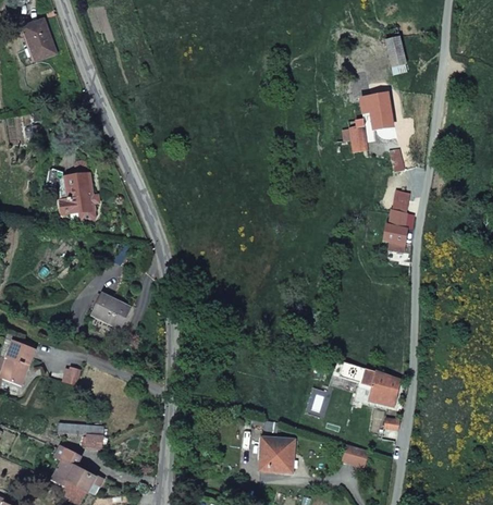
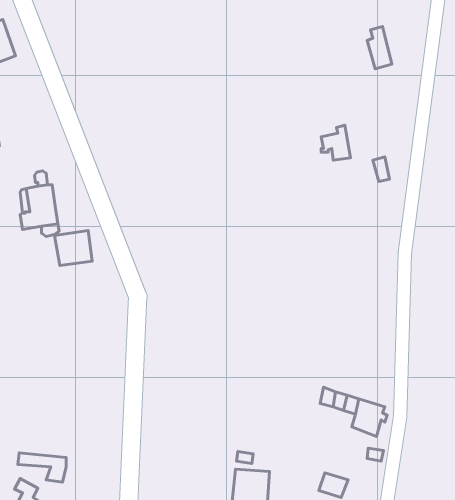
building: [359,94,391,131] -> none
building: [381,189,411,251] -> none
building: none -> [55,231,92,266]
building: [93,294,130,328] -> none

